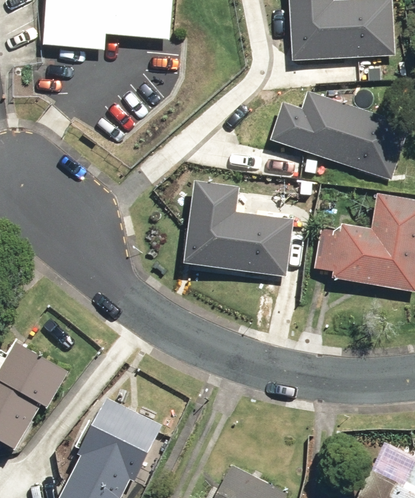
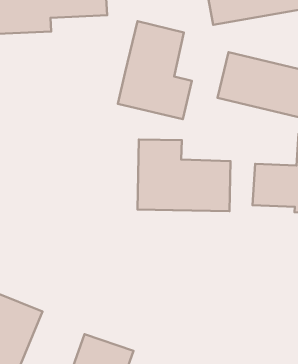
building: none -> [118,21,192,119]

